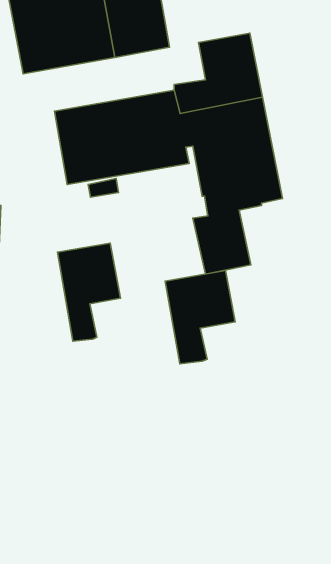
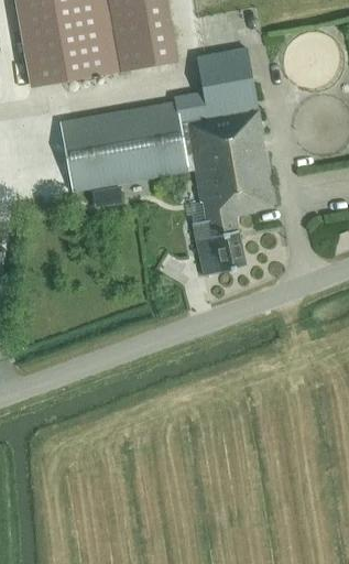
building: [57,243,120,341] -> none
building: [165,271,235,364] -> none

